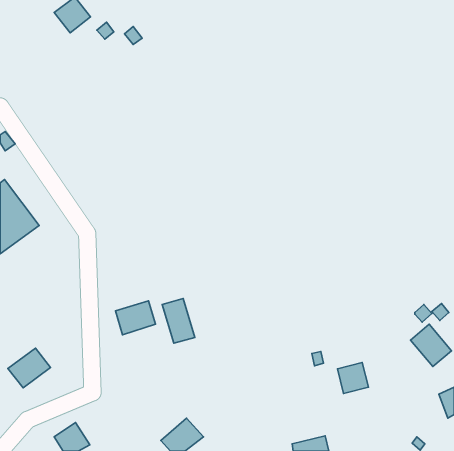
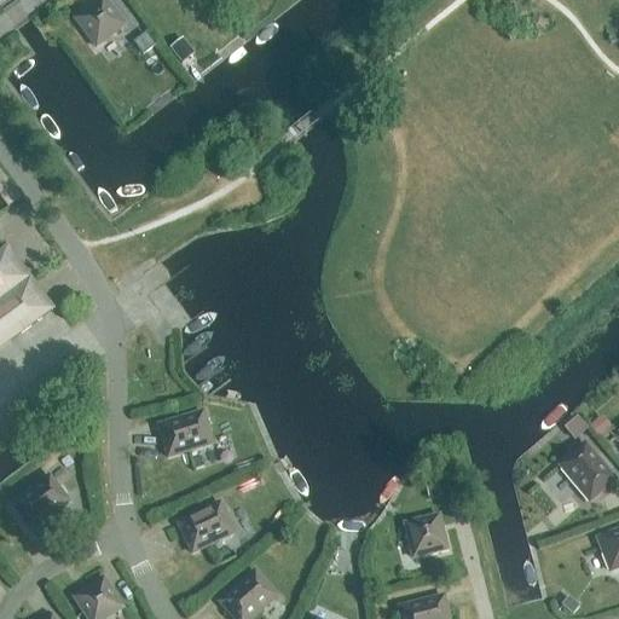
building: [162,299,195,343] -> none
building: [337,362,368,394] -> [404,514,446,556]
building: none -> [177,501,235,551]

